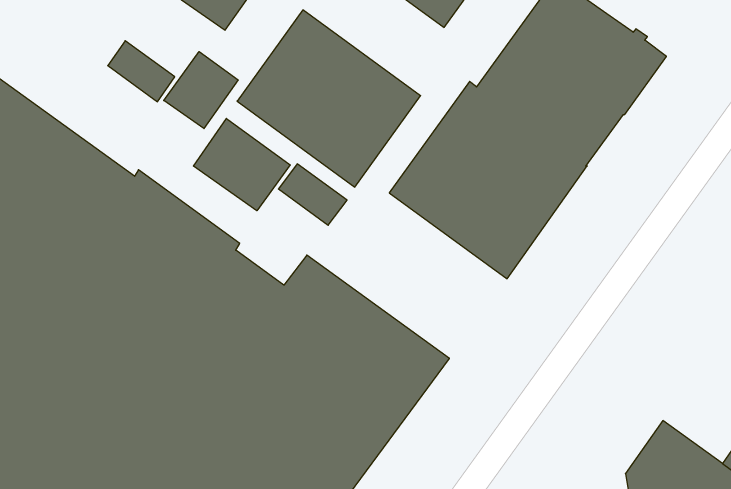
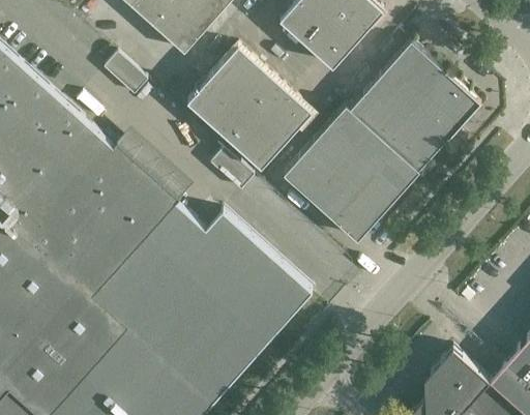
building: [164,52,238,129] -> none
building: [193,118,290,211] -> none

